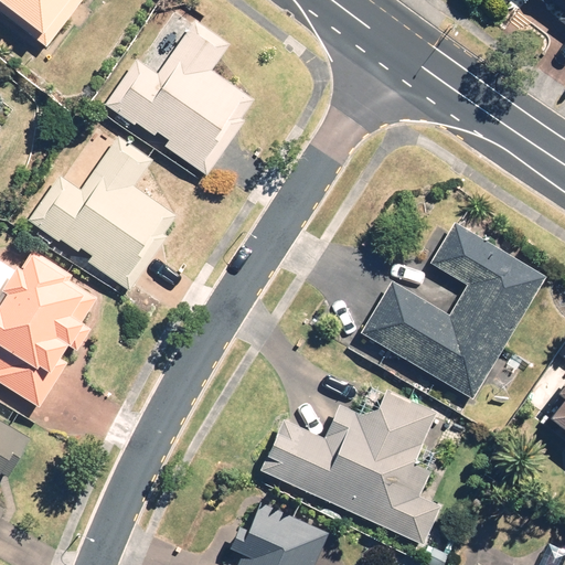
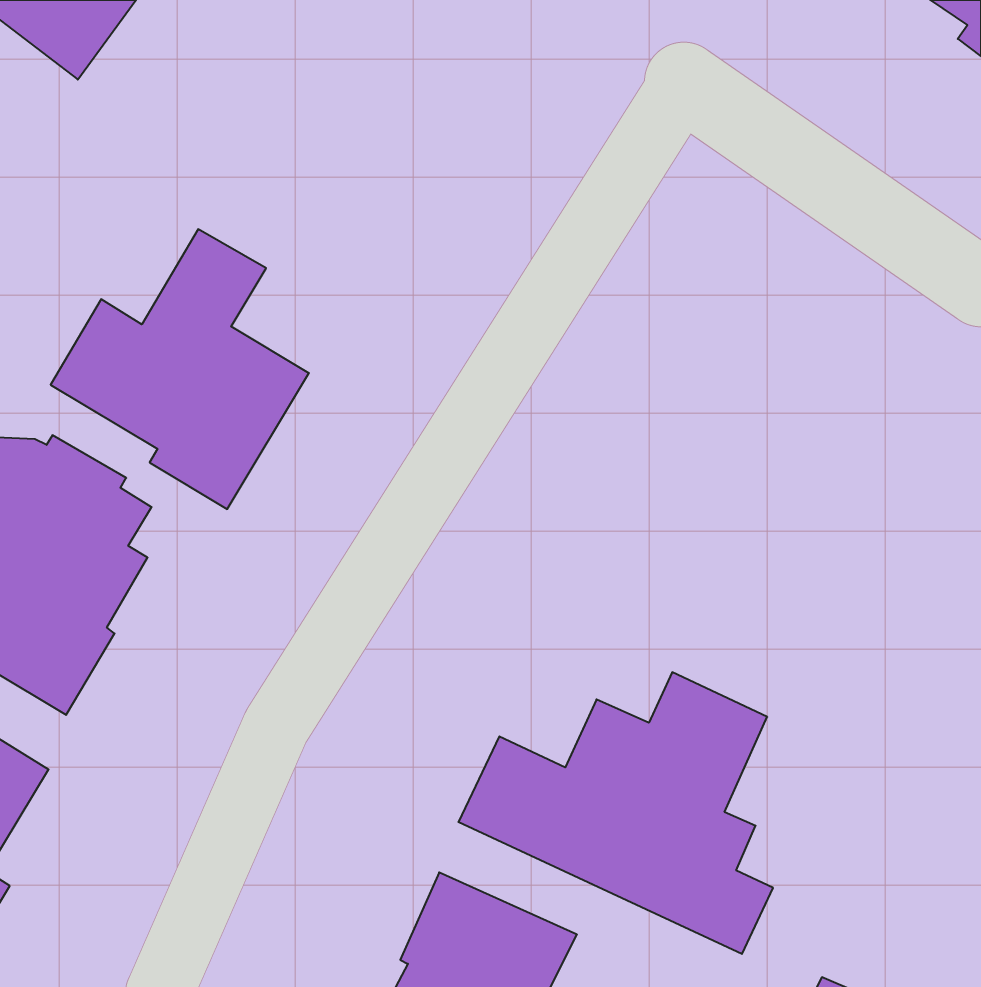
building: [103,20,257,177] -> none
building: [358,221,547,401] -> none

